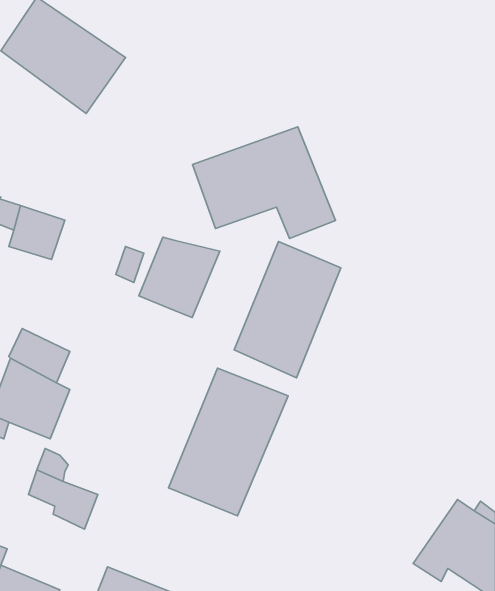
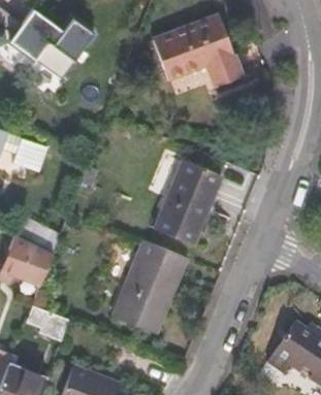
building: [193,127,336,238] -> [154,14,244,85]
building: [139,237,220,317] -> none

